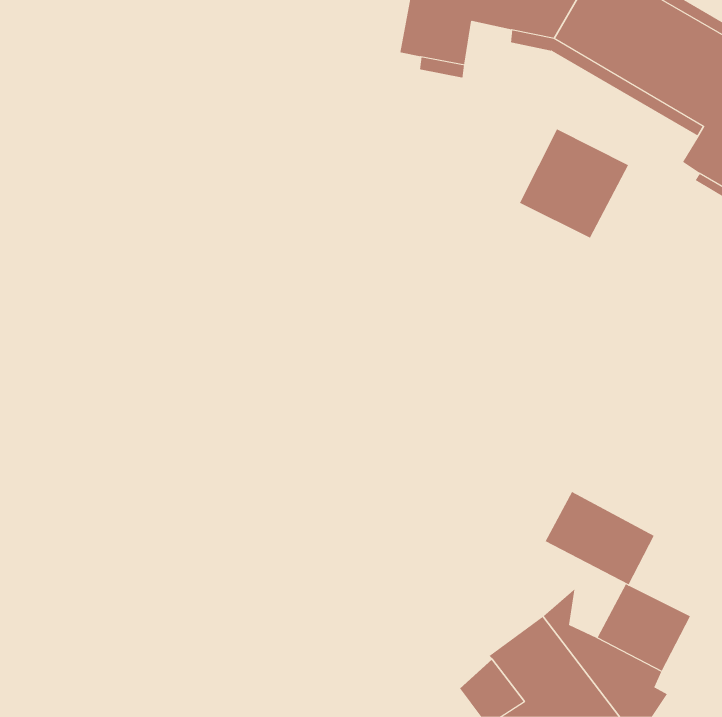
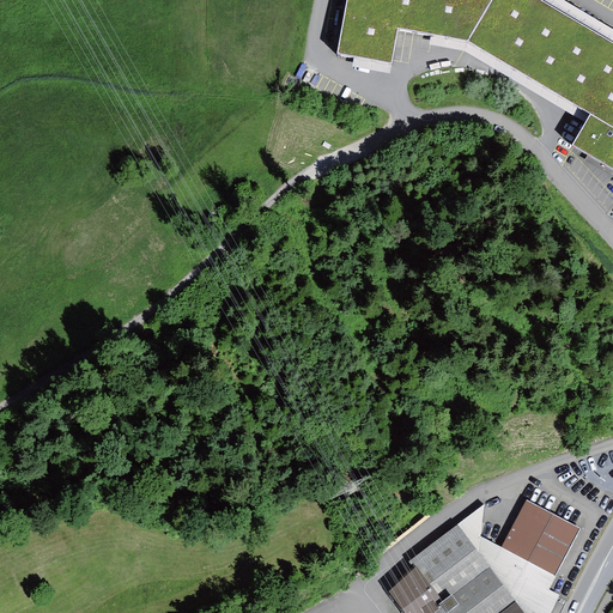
building: [519,128,629,238] -> none
building: [545,491,654,585] -> none

